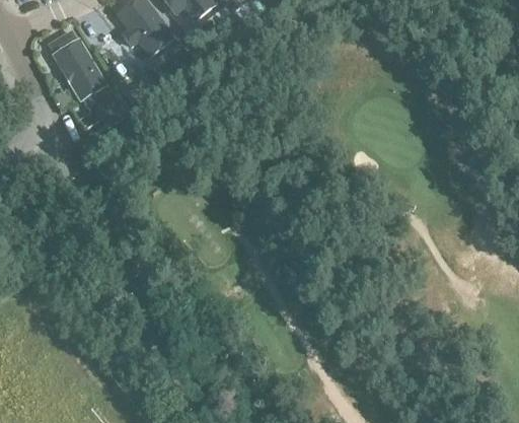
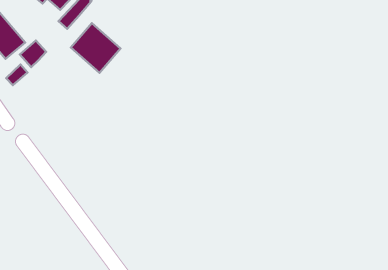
building: none -> [71,23,120,73]

